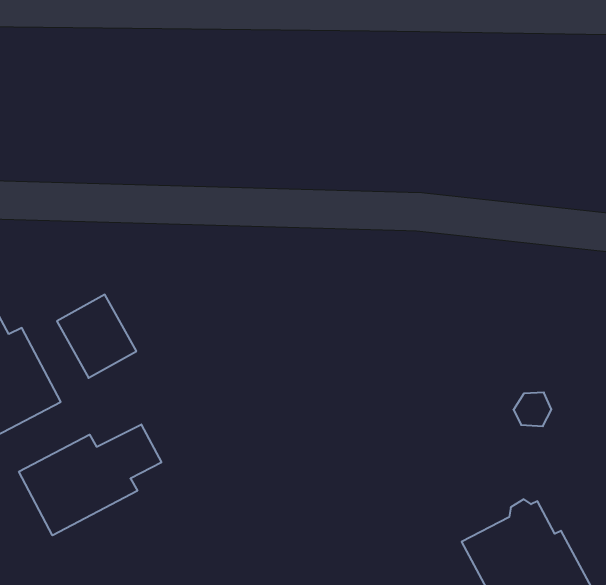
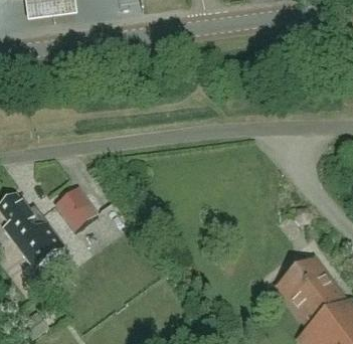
building: [19,424,161,535] -> none

